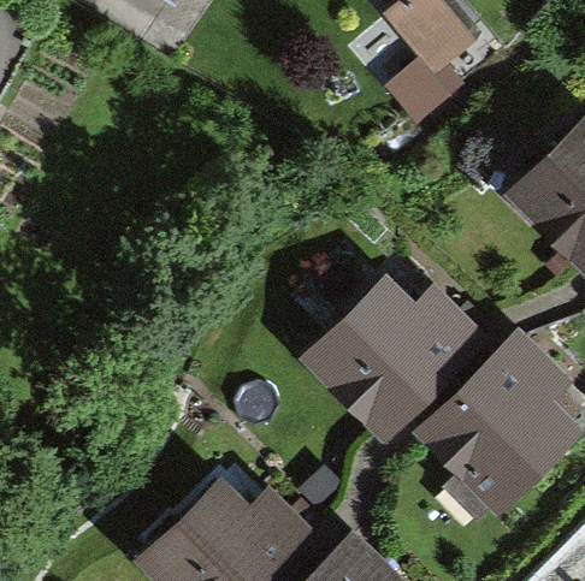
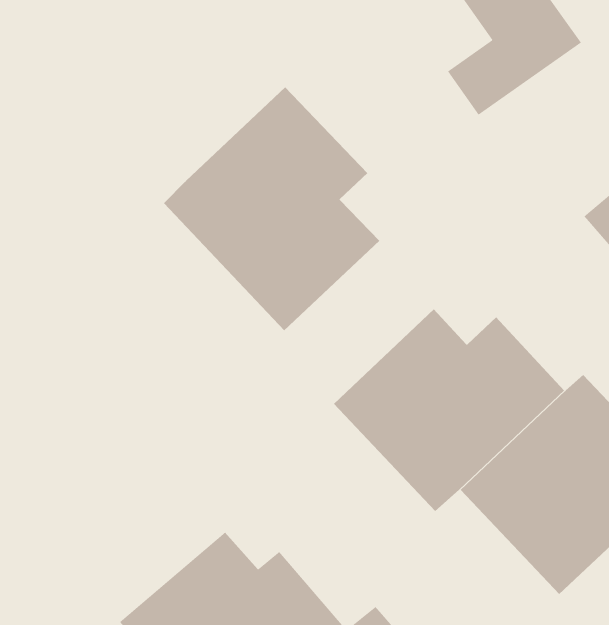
building: none -> [163,87,380,331]

